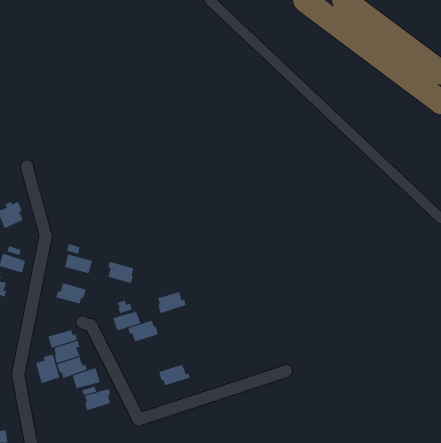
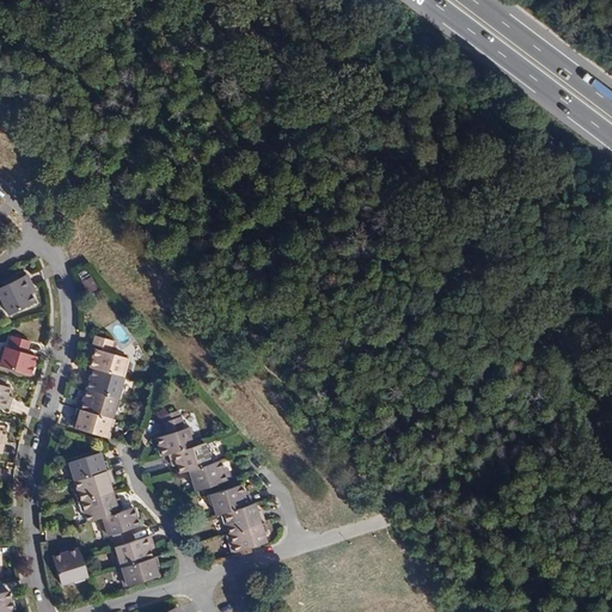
building: [107,261,134,284] -> [86,368,123,399]
building: [157,291,187,314] -> [191,460,232,491]
building: none -> [74,410,114,439]
building: none -> [207,485,249,514]
building: [35,354,60,384] -> [54,544,88,585]
building: none -> [226,521,265,552]
building: none -> [120,555,160,585]

